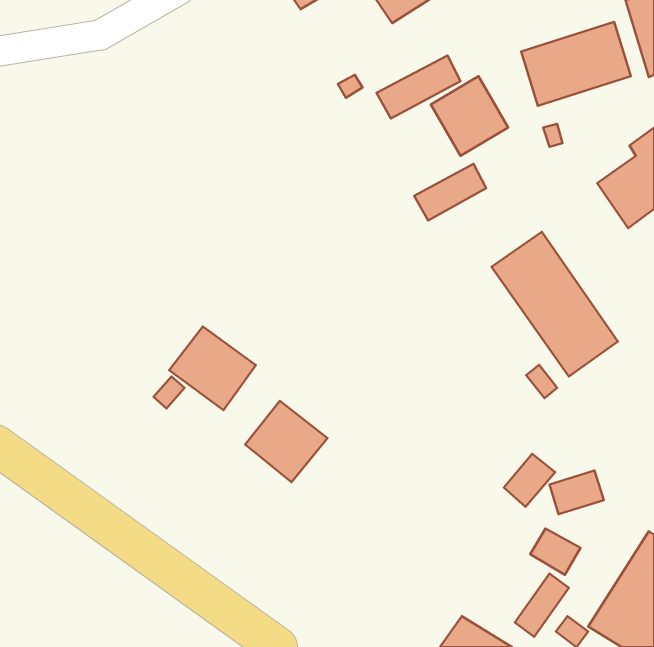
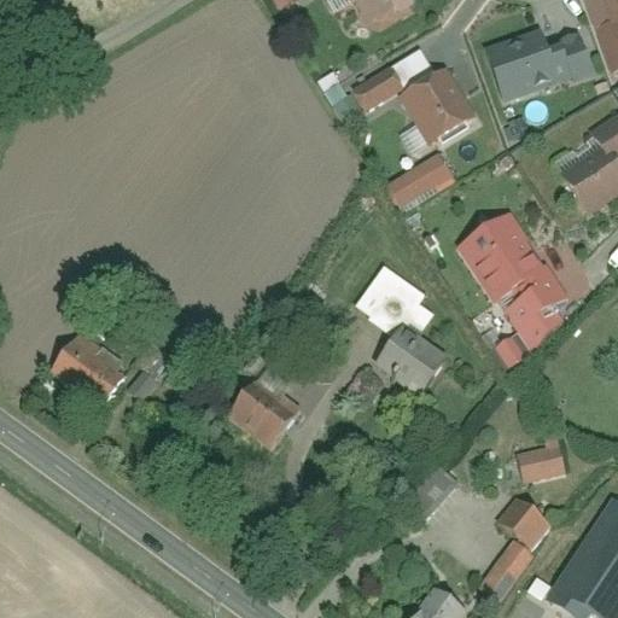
building: none -> [356,266,450,397]
building: [169,326,256,410] -> [51,330,132,408]
building: [504,454,555,507] -> [409,466,457,515]

